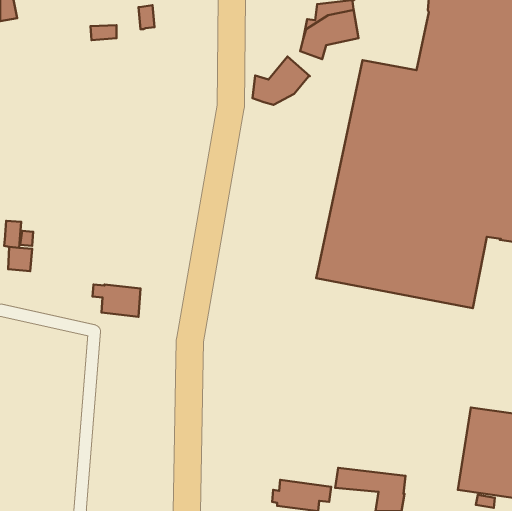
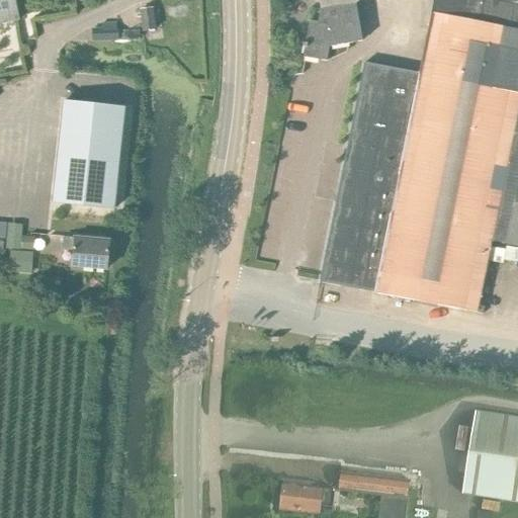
building: [253,57,310,105] -> none
building: none -> [53,100,125,207]
building: [92,285,141,317] -> [62,235,110,267]

